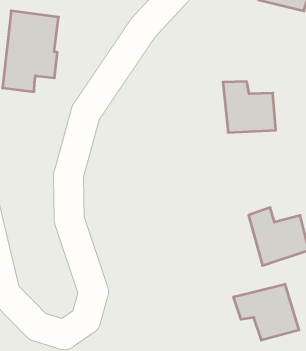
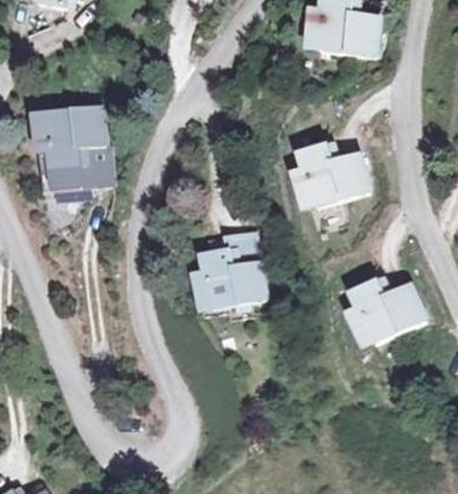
building: none -> [203,245,266,302]
building: [234,284,299,340] -> none

